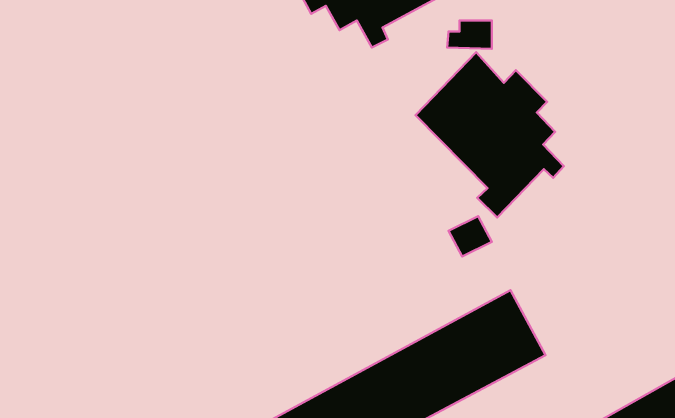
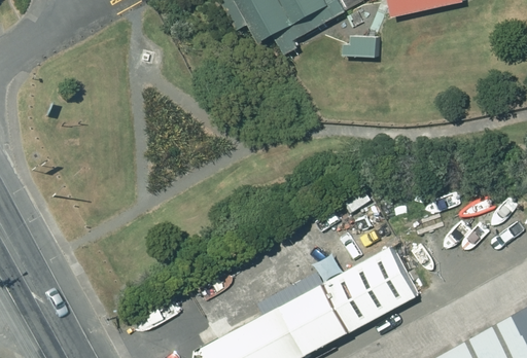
building: [416,52,564,218] -> none

